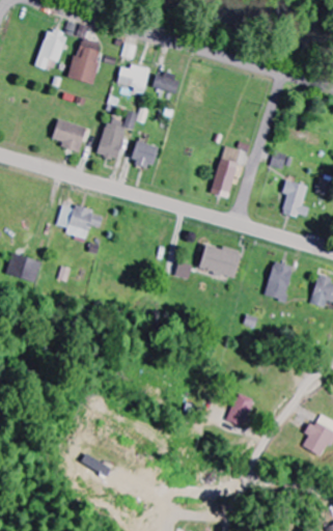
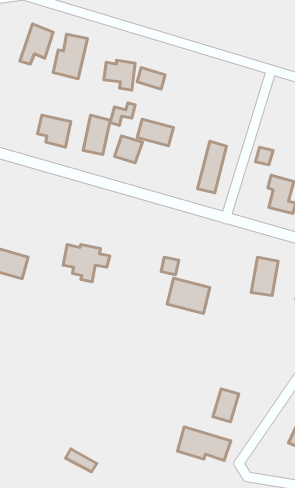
building: none -> [137,119,173,146]
building: [58,204,105,242] -> [63,244,110,282]
building: [198,243,241,278] -> [167,278,210,314]
building: none -> [177,427,231,460]

